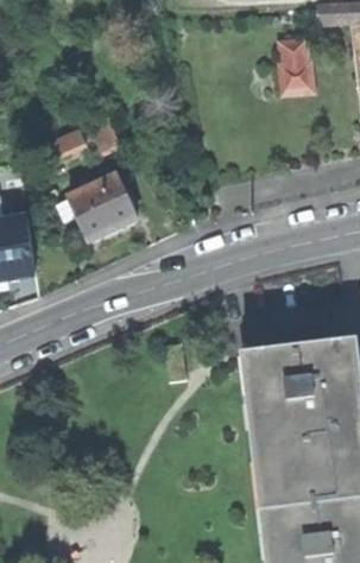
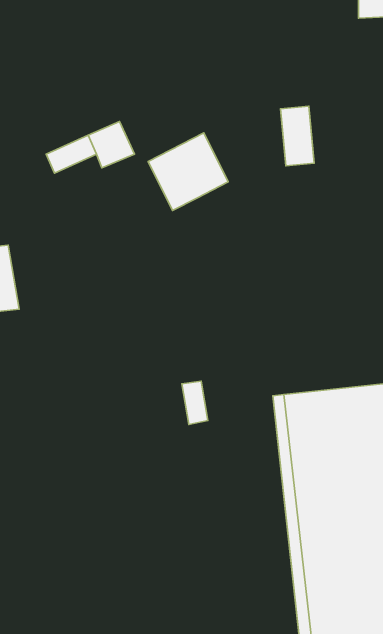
building: [279,36,309,88] -> [280,106,314,166]
building: [67,173,137,241] -> [148,133,228,210]

